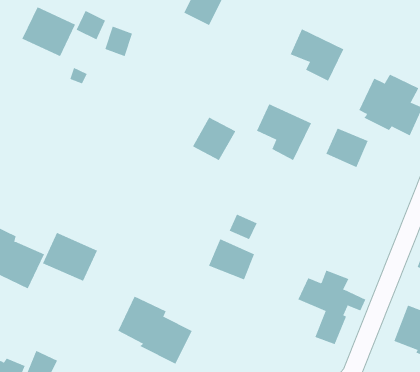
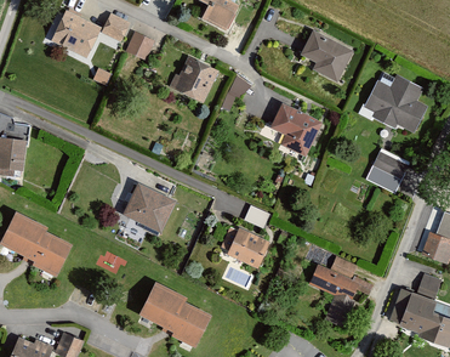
building: [192,117,236,161] -> [176,58,217,100]
building: [326,128,368,168] -> [366,154,406,192]
building: [42,232,98,282] -> [123,185,175,231]

